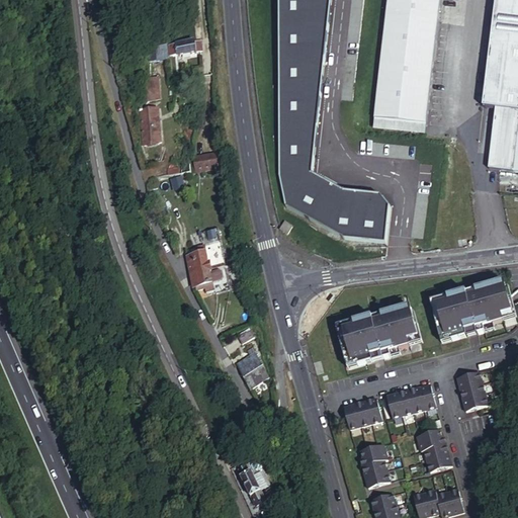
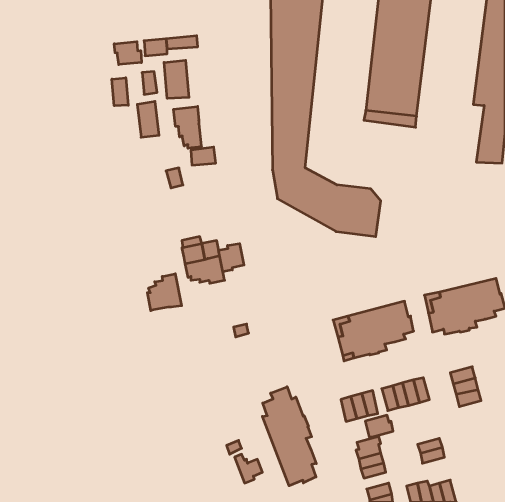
building: none -> [114,42,141,65]
building: none -> [164,60,189,98]
building: none -> [112,78,128,106]
building: none -> [174,106,201,148]
building: none -> [219,244,244,272]
building: none -> [147,274,182,311]
building: [239,341,267,380] -> none
building: none -> [262,387,316,486]
building: [419,430,447,452] -> [365,415,393,437]

